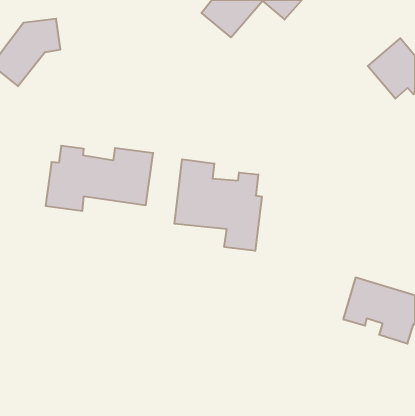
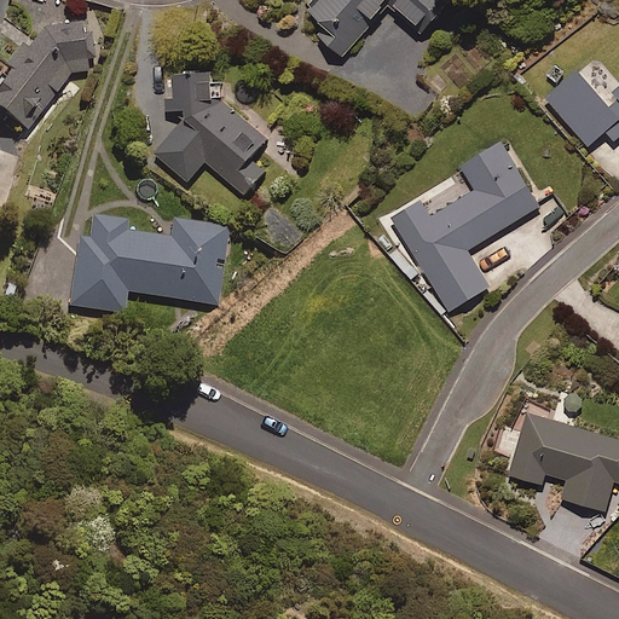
building: none -> [154,69,265,193]
building: none -> [391,141,539,311]
building: [174,159,262,251] -> none

